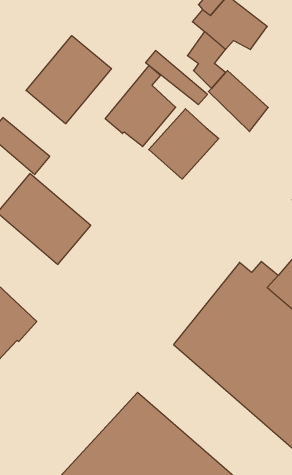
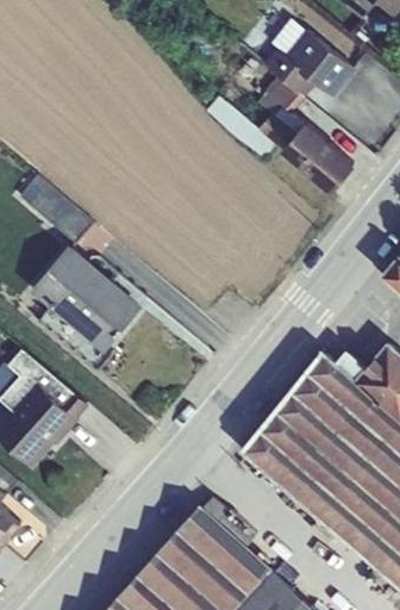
building: [26,36,111,124] -> none
building: [105,66,176,147] -> none
building: [149,109,219,179] -> none

